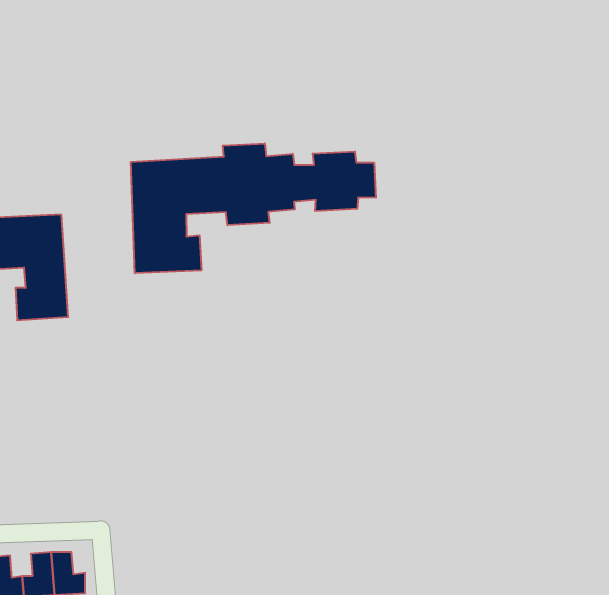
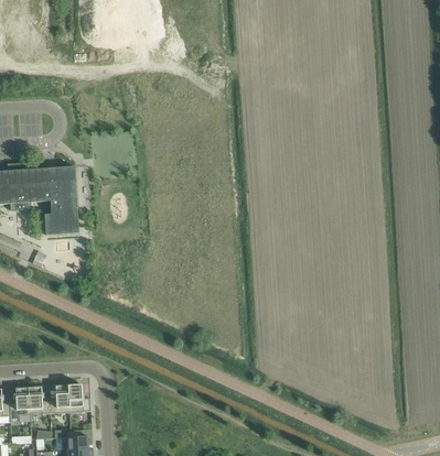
building: [131,143,376,273] -> none

